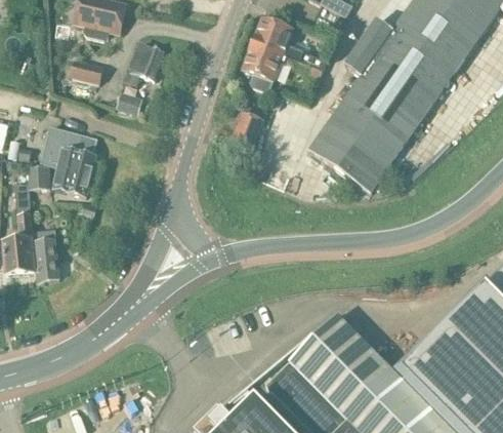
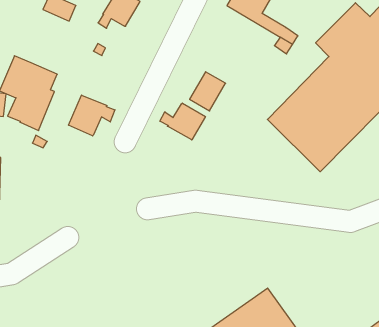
building: [243,42,296,90] -> none
building: none -> [160,103,205,140]
building: none -> [69,95,115,136]

